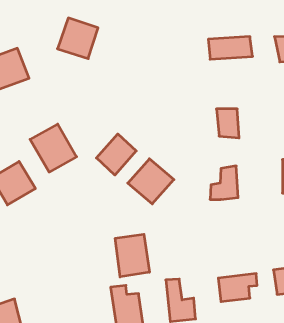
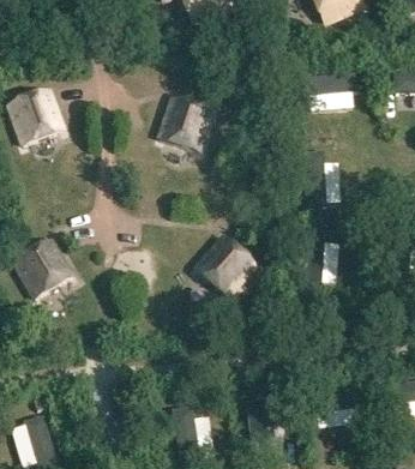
building: [57,18,98,59] -> [160,95,213,149]
building: [30,124,77,172] -> none
building: [96,134,136,175] -> none
building: [115,234,149,277] -> none

